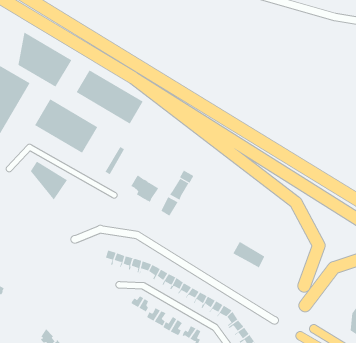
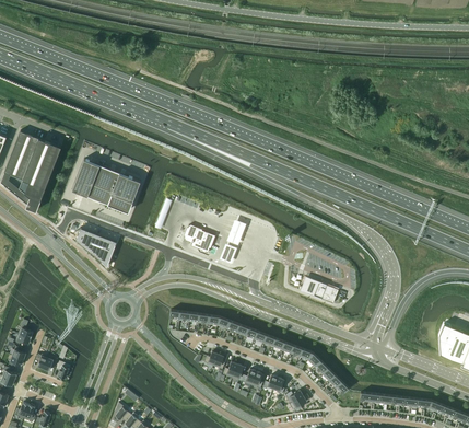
building: [18,31,72,88] -> none
building: [76,69,143,124] -> none

